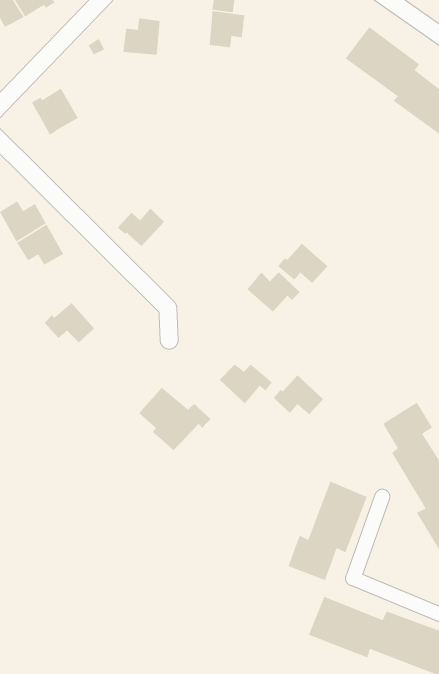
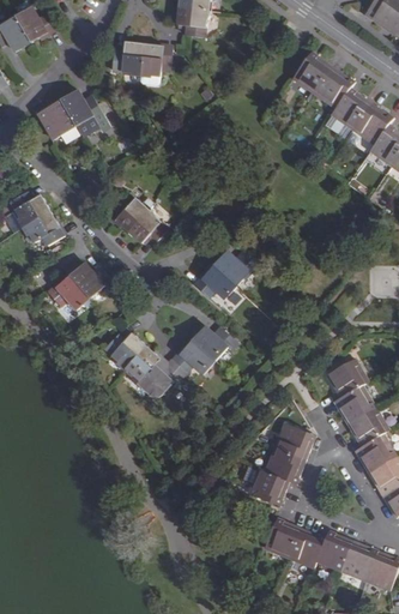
building: [209,10,245,48] -> [140,44,170,76]
building: none -> [61,90,103,136]
building: none -> [127,210,167,242]
building: [277,243,328,284] -> [193,265,235,299]
building: none -> [69,263,114,297]
building: none -> [103,332,144,367]
building: [273,374,324,415] -> [170,339,212,373]

